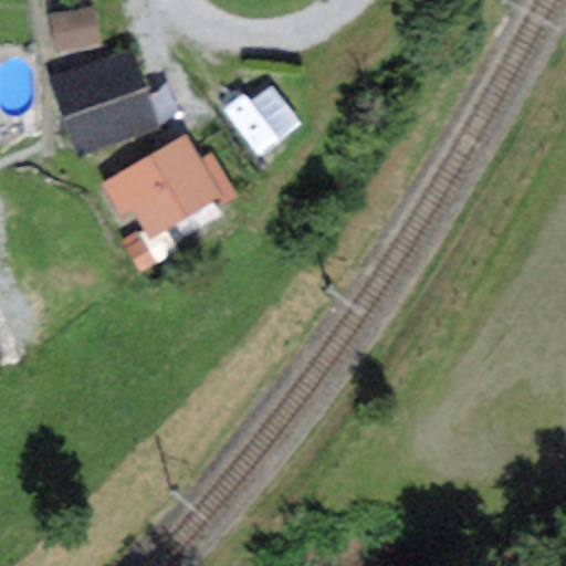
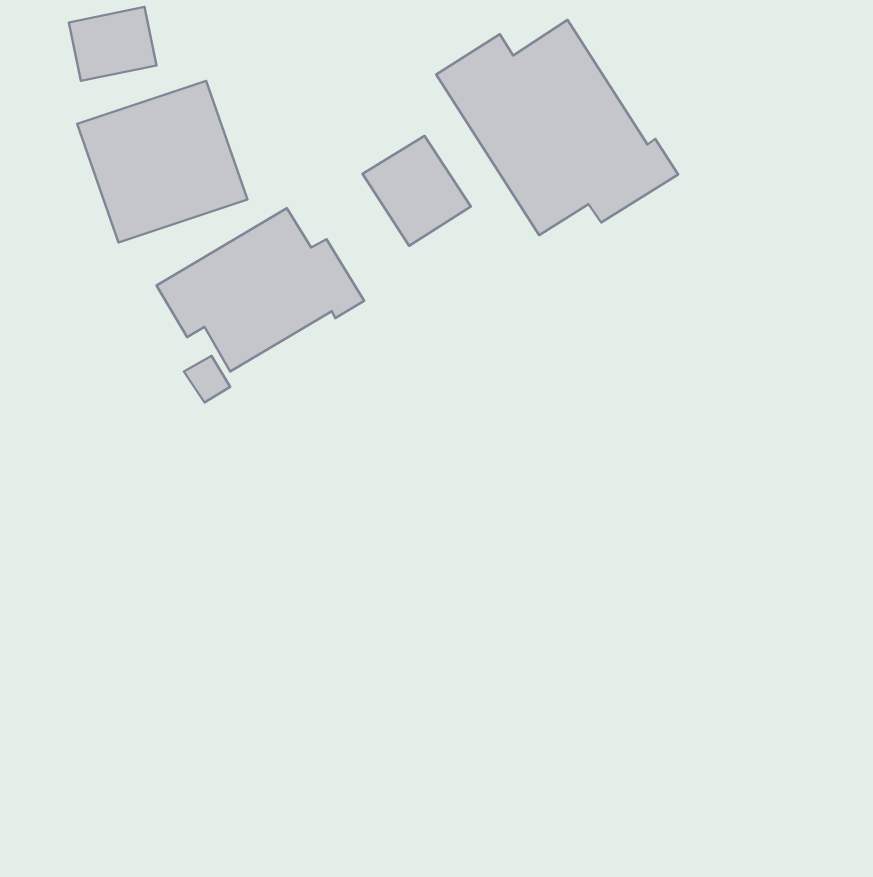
building: none -> [436,20,678,235]

